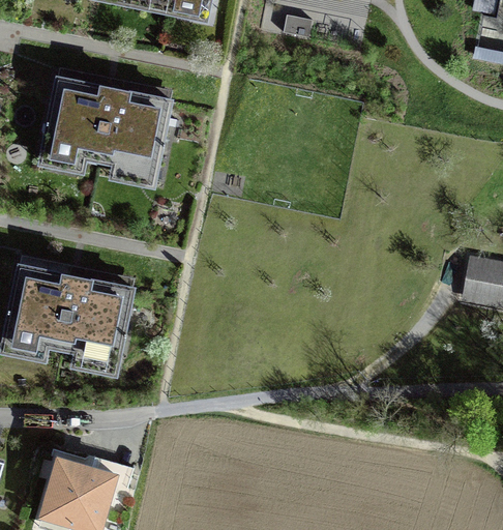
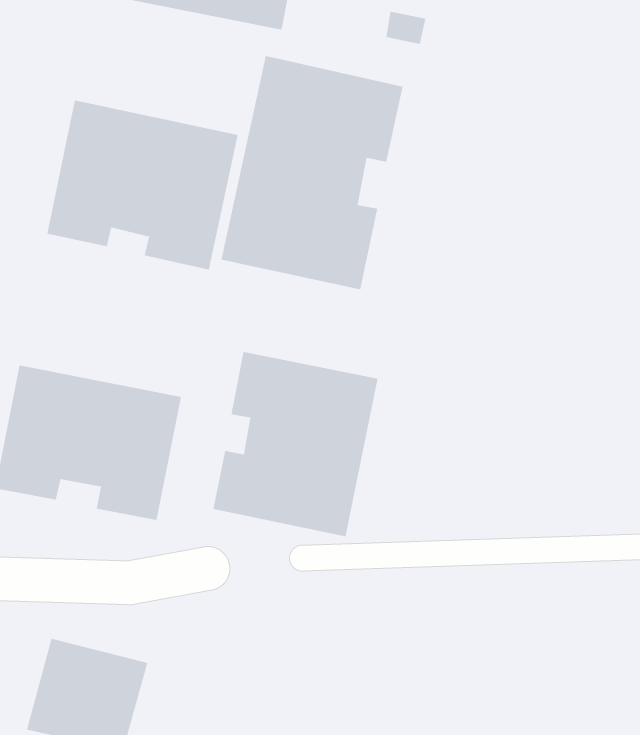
building: none -> [221,55,403,290]
building: none -> [213,351,378,537]

